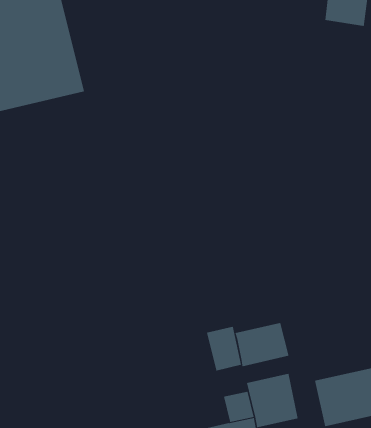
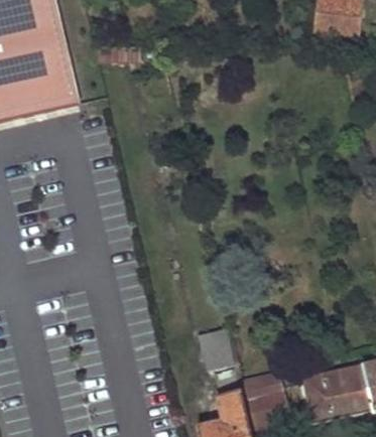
building: [235,322,289,367] -> none

